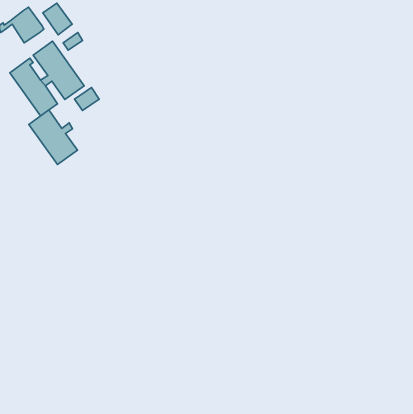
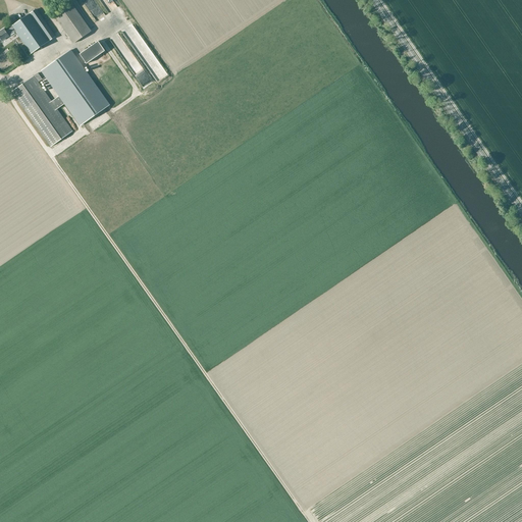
building: [75,87,99,110] -> none
building: [29,110,78,165] -> none

